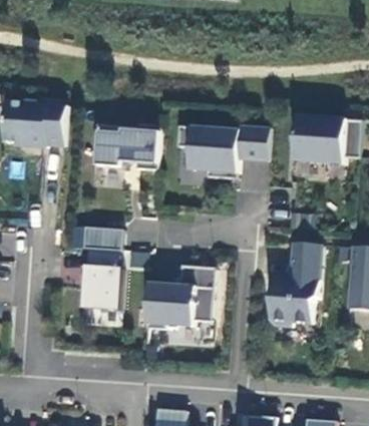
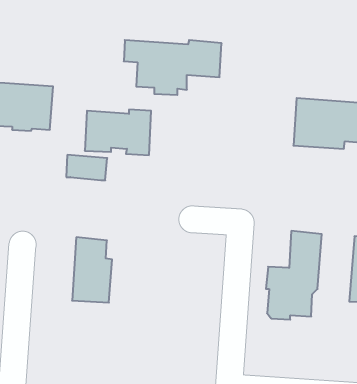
building: [176,125,270,177] -> [124,40,222,95]
building: [83,227,122,251] -> [66,155,107,180]
building: [145,265,214,329] -> none

